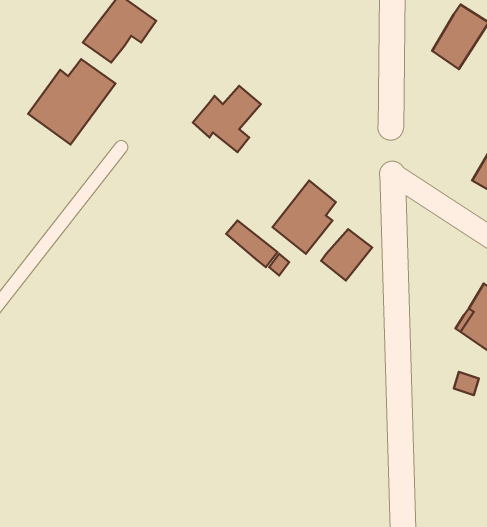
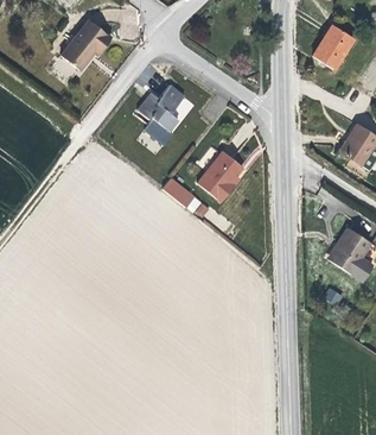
building: [28,59,115,144] -> none
building: [321,229,372,281] -> none

